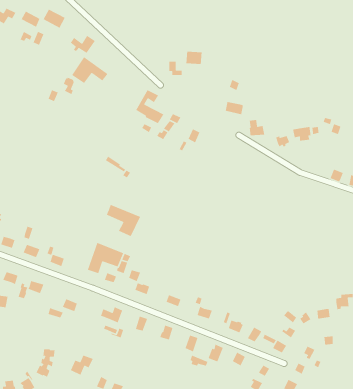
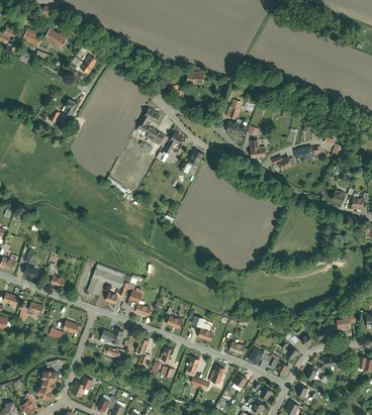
building: [71,56,109,84] -> none
building: [106,204,141,237] -> none

